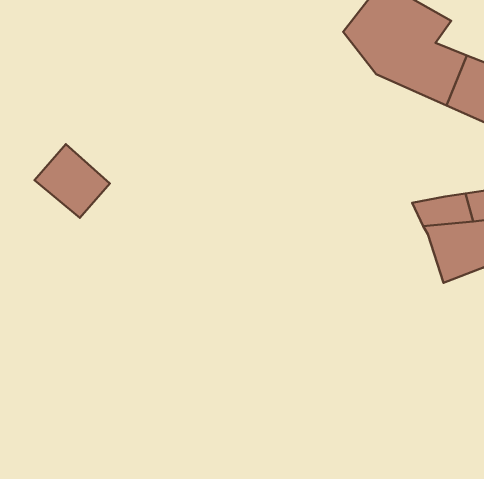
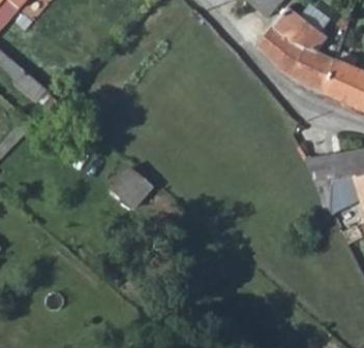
building: [34,144,110,218] -> [112,163,161,212]

